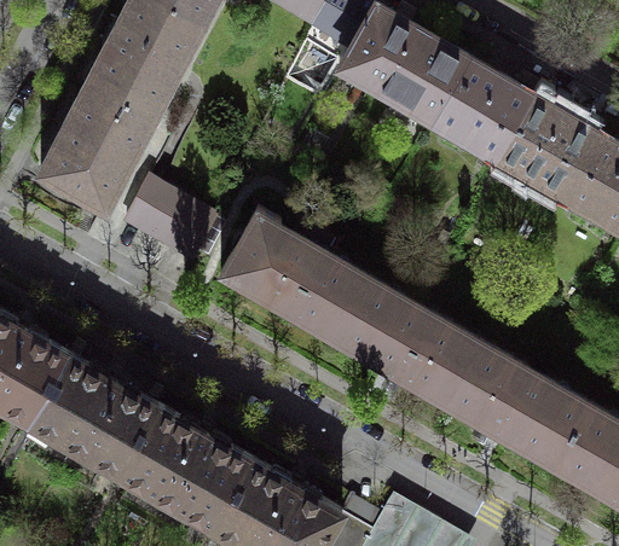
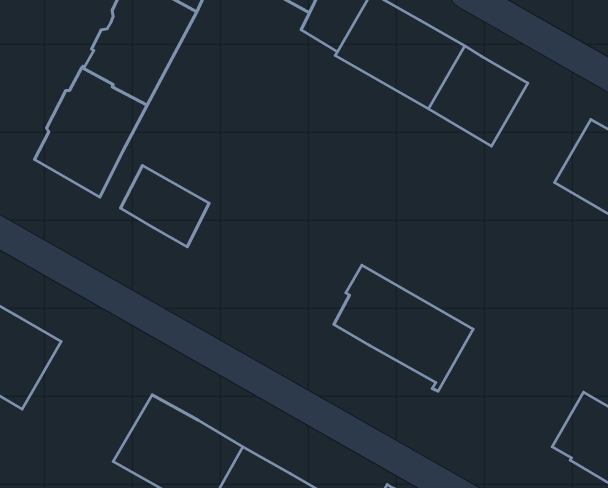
building: [497,98,596,197] -> none
building: [221,210,368,338] -> none
building: [444,343,589,460] -> none
building: [29,355,158,475] -> none

